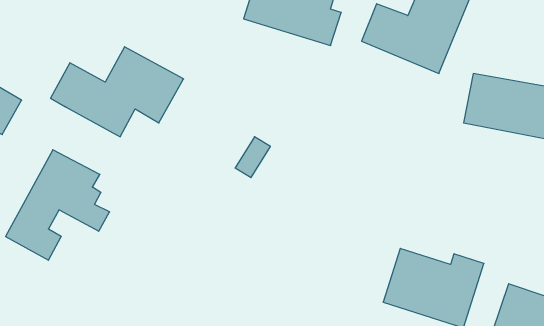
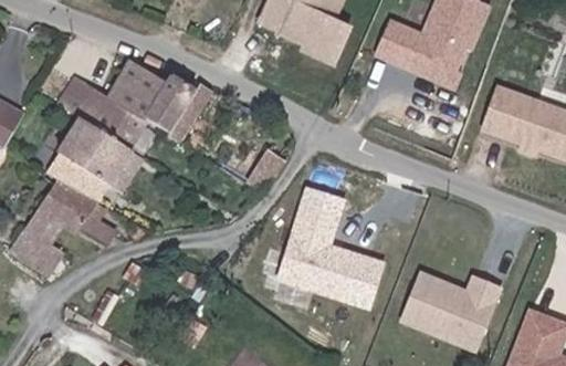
building: none -> [48,122,126,191]
building: none -> [276,185,388,306]

